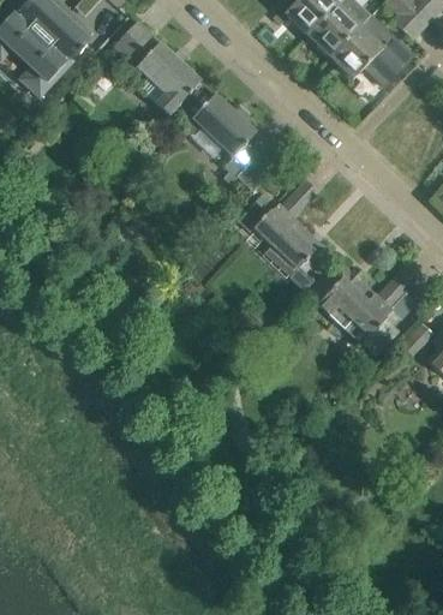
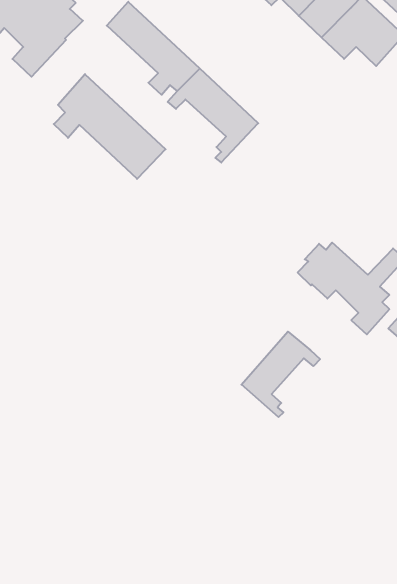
building: none -> [54,74,166,179]
building: [239,179,328,291] -> none
building: none -> [241,332,320,417]

